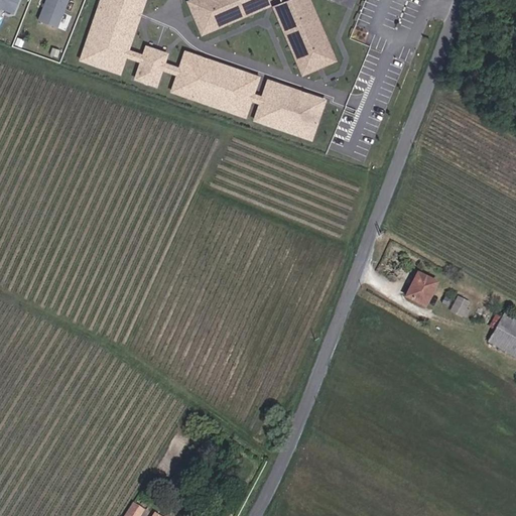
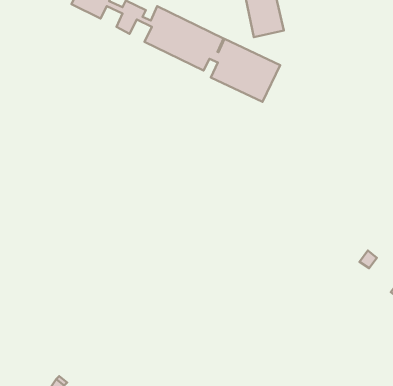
building: [405,273,435,304] -> none

